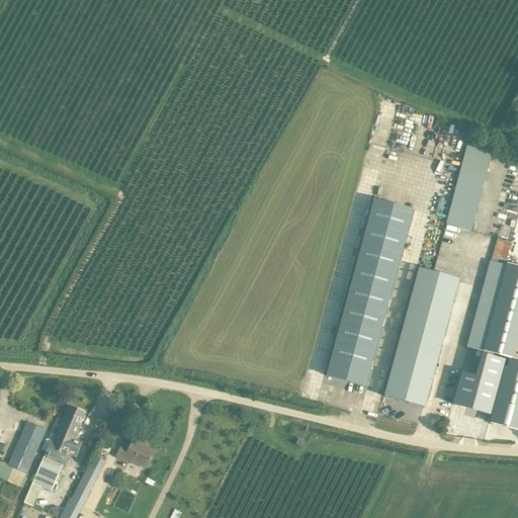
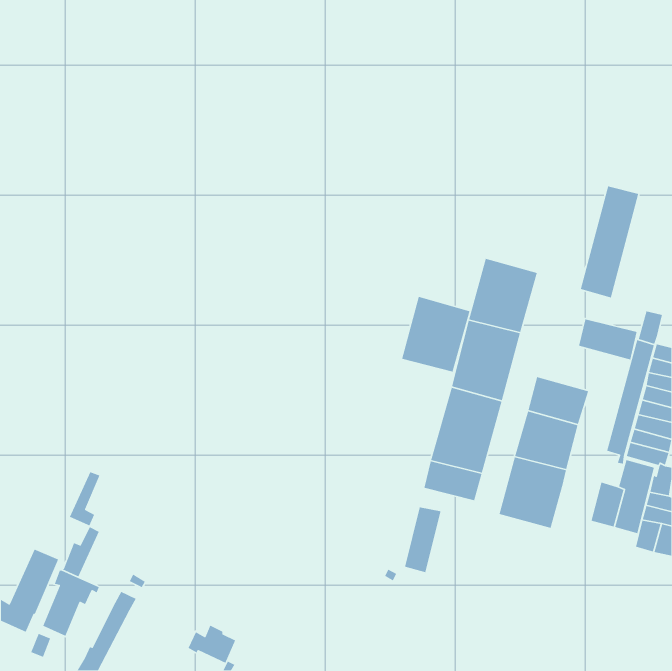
building: none -> [401,296,471,372]
building: [413,268,458,300] -> [578,318,637,361]
building: none -> [404,506,441,573]
building: [61,409,85,451] -> [69,471,100,526]
building: [116,438,154,468] -> [188,625,236,664]

